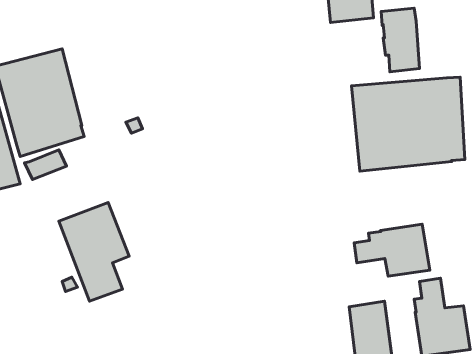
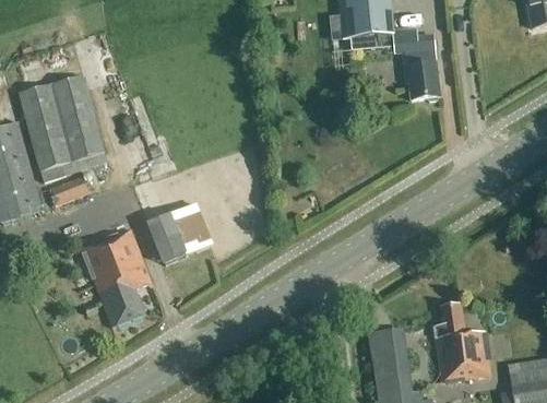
building: [351,77,465,171] -> none
building: none -> [145,202,213,265]
building: [354,224,430,276] -> none

